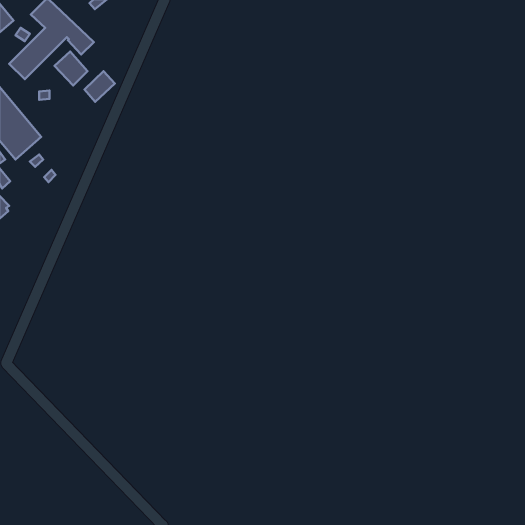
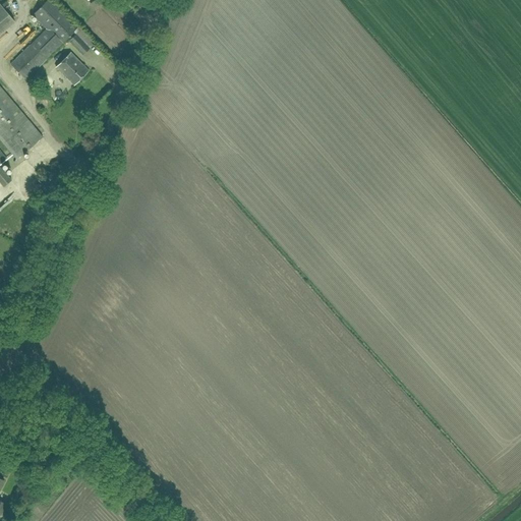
building: [85,71,115,102] -> none

